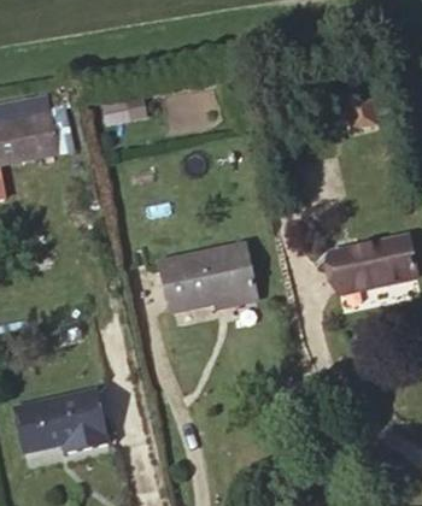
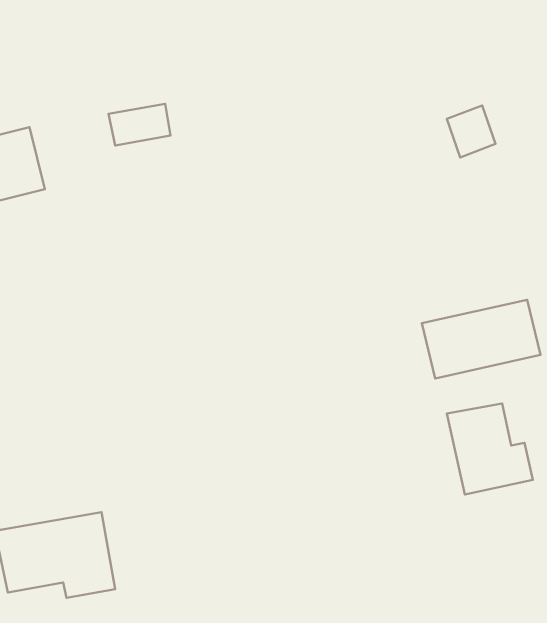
building: [159,246,250,308] -> none
building: none -> [447,403,533,495]

